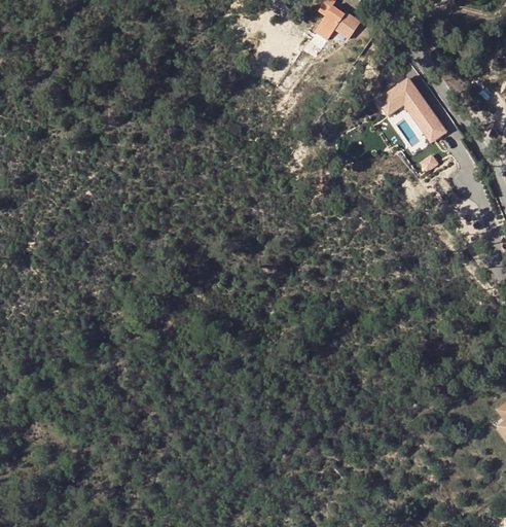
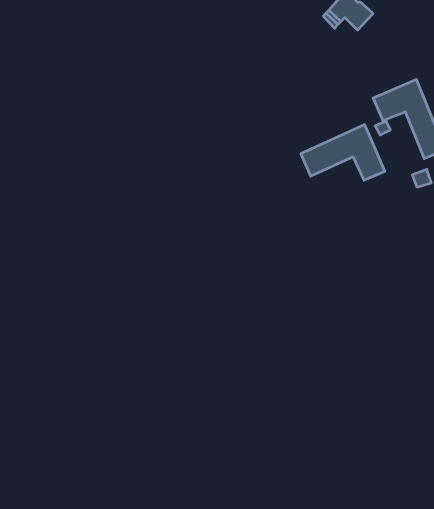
building: none -> [301,125,385,180]

